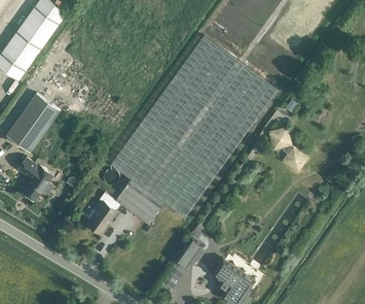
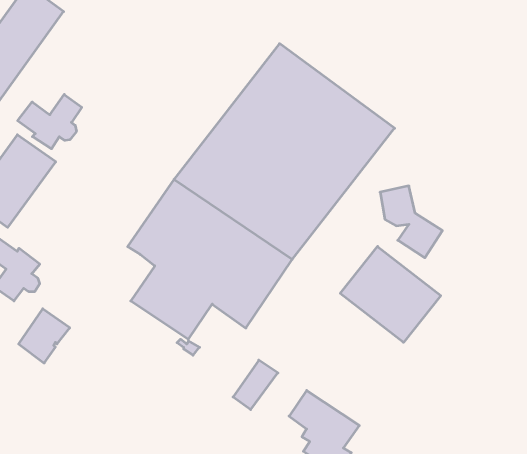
building: none -> [18,94,82,149]
building: none -> [340,246,441,342]
building: [84,202,117,237] -> [19,309,70,363]

